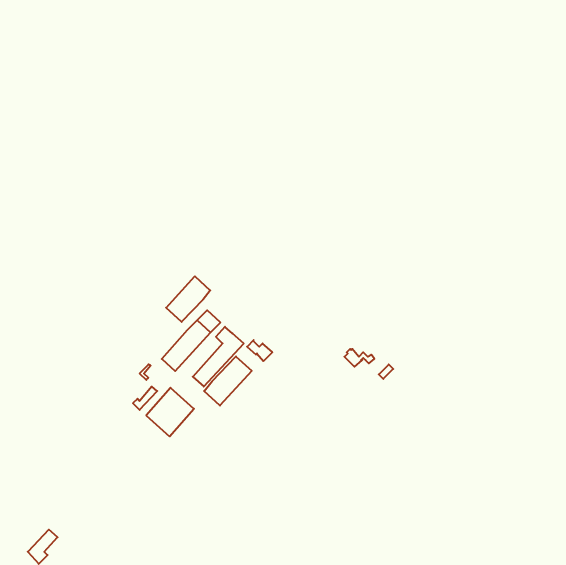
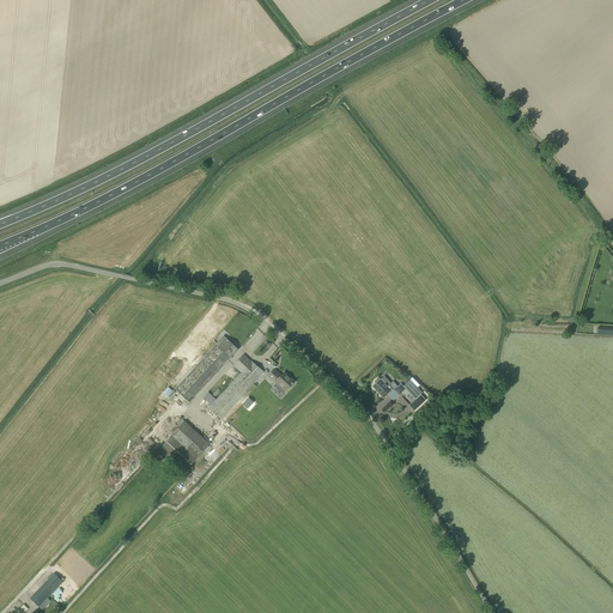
building: [166,276,210,322] -> none
building: [204,356,252,406] -> none

